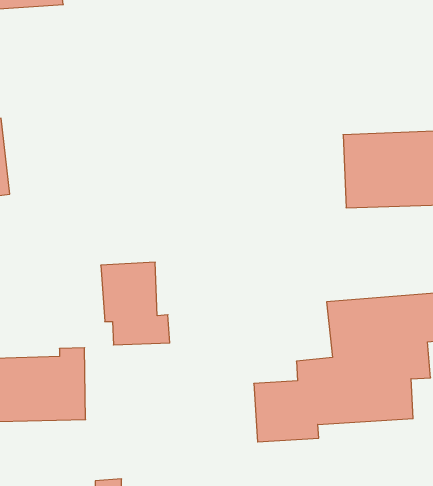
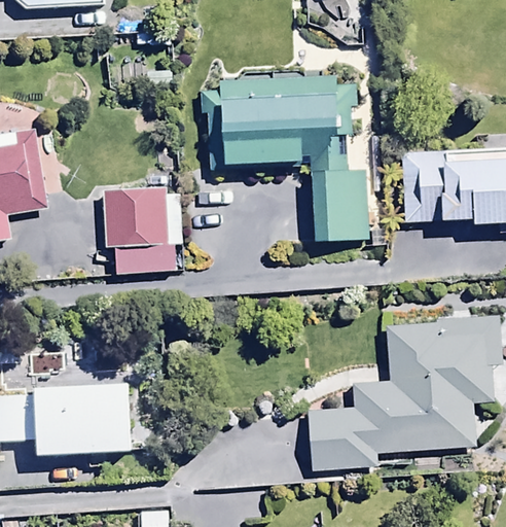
building: none -> [202,78,365,240]
building: [101,262,170,345] -> [103,185,176,273]

